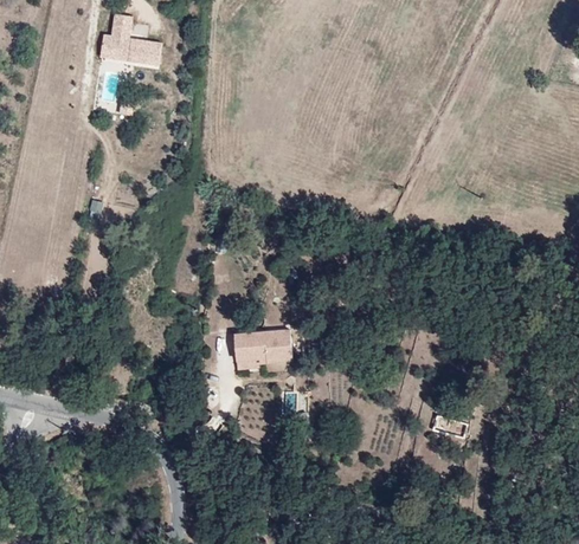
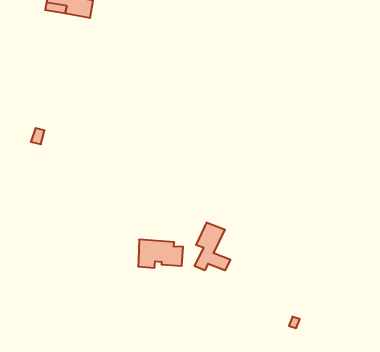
building: none -> [195,222,230,270]

